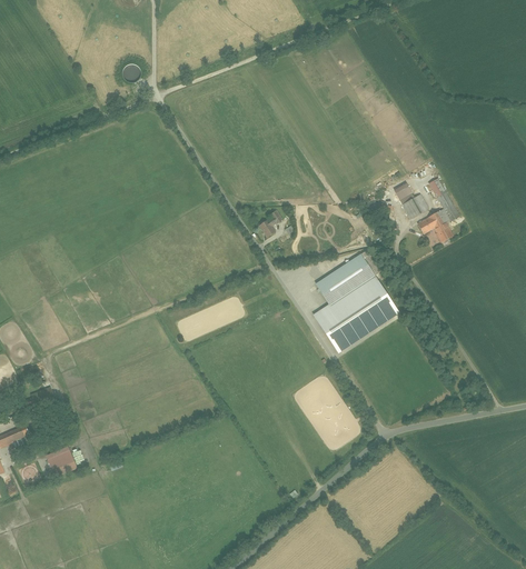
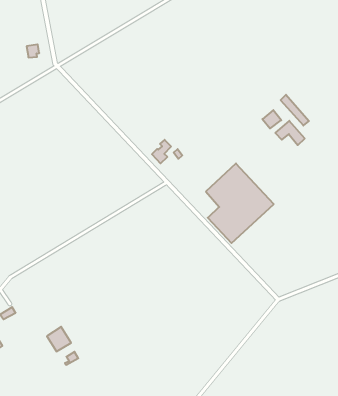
building: [46,446,75,476] -> [47,327,71,351]

